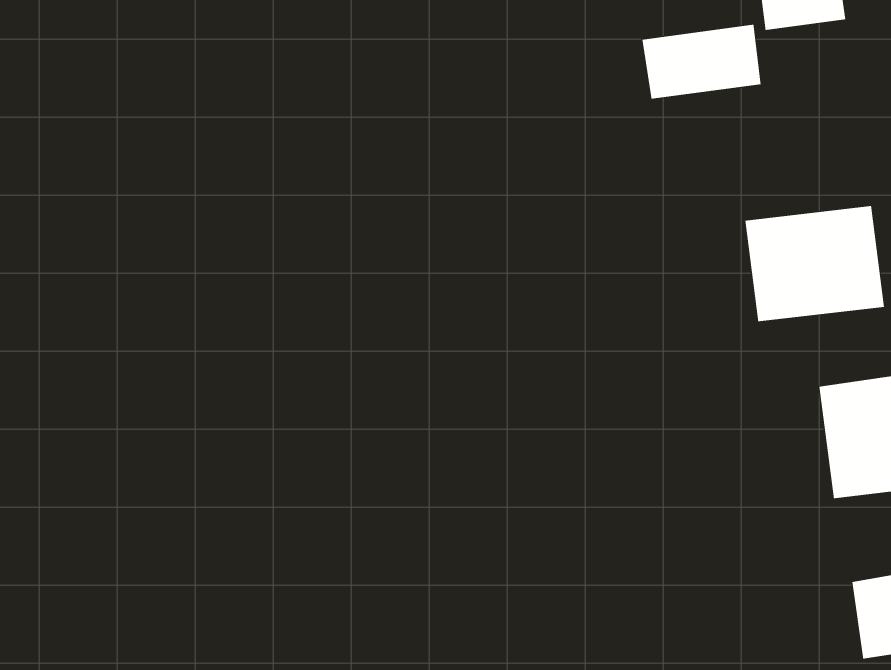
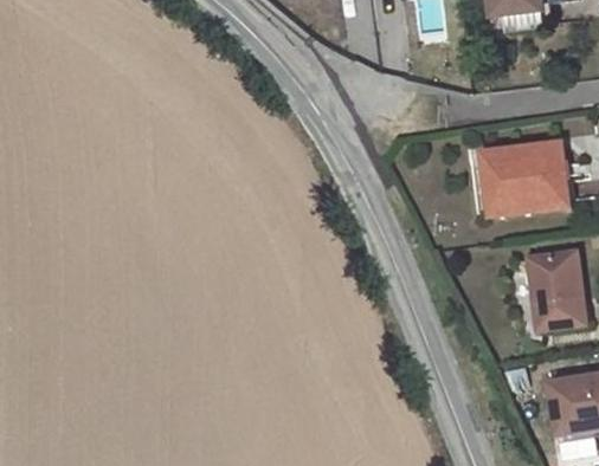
building: [642,24,761,100] -> none

